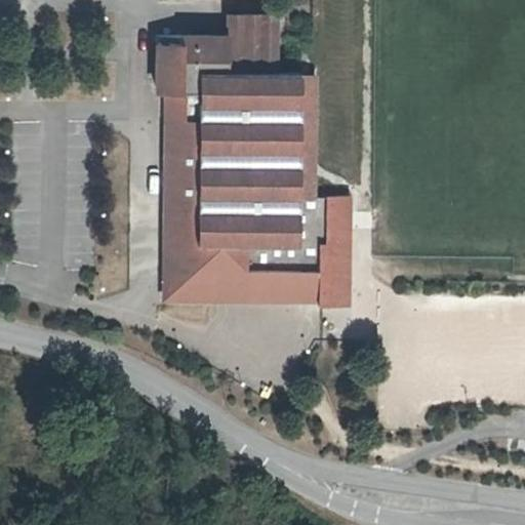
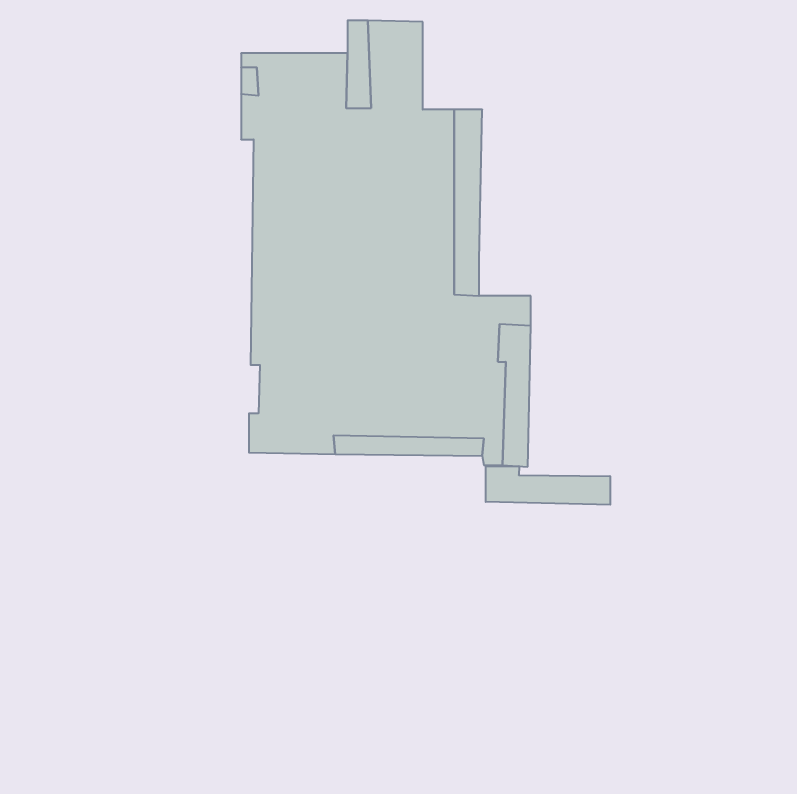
building: none -> [486,466,610,505]

